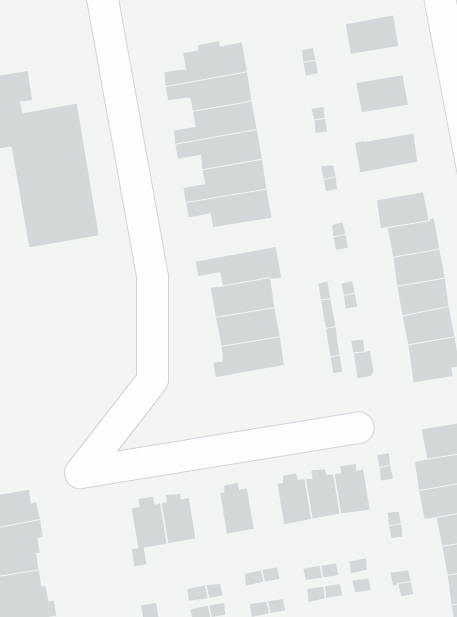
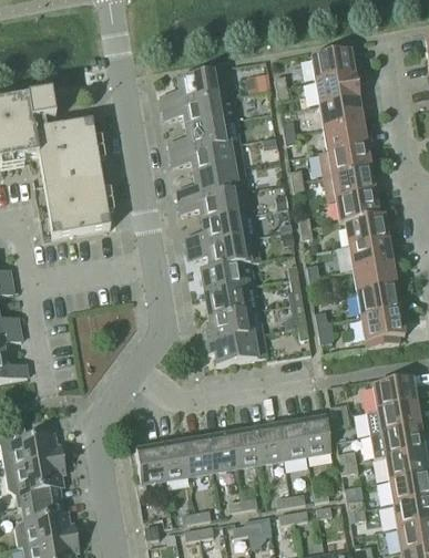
building: none -> [315,74,358,104]
building: none -> [324,122,367,152]
building: none -> [323,168,375,202]
building: none -> [186,214,255,249]
building: none -> [205,333,266,366]
building: none -> [232,425,261,466]
building: none -> [184,433,214,474]

